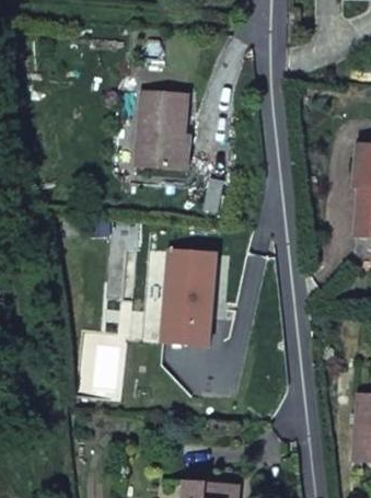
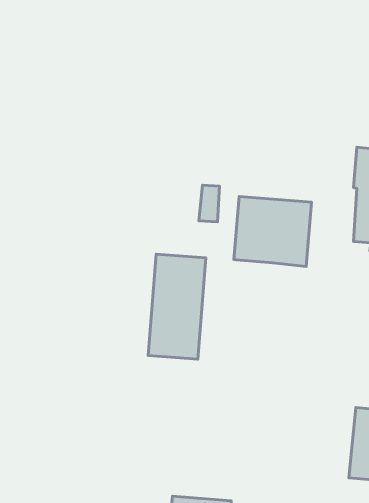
building: [135,89,187,166] -> none
building: none -> [234,196,312,266]

